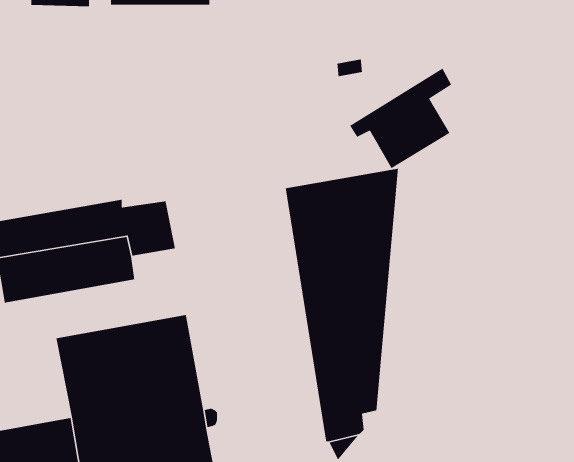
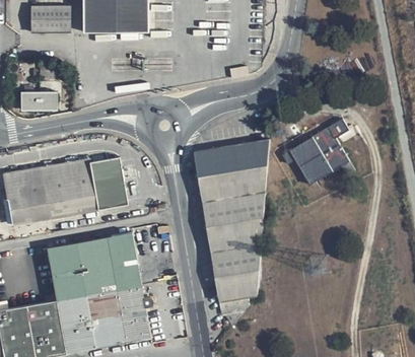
building: [349,68,452,169] -> [281,119,348,185]
building: none -> [20,91,55,111]
building: none -> [96,190,128,210]

